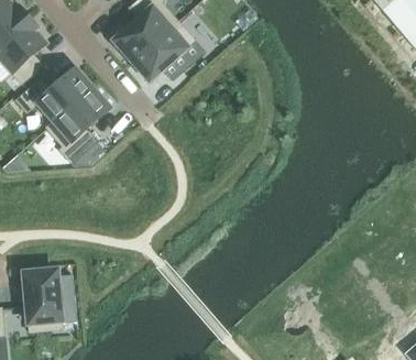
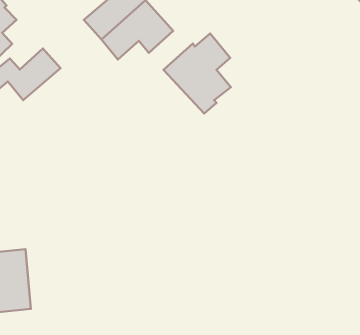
building: none -> [163,33,231,114]
building: [46,89,110,163] -> none

